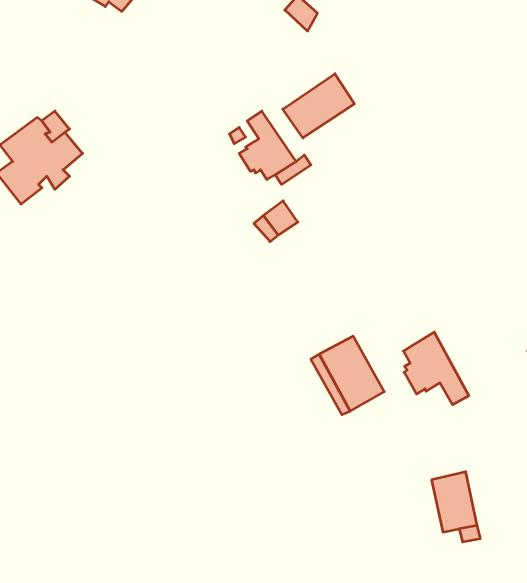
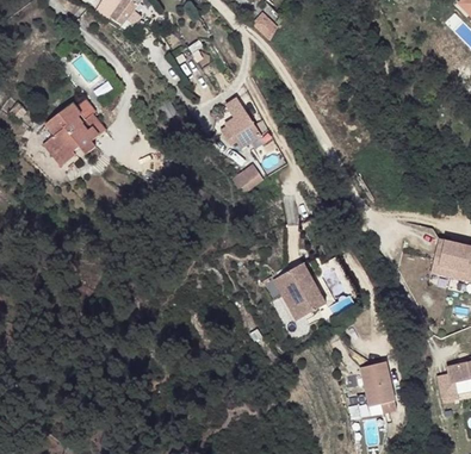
building: [283,74,354,138] -> none
building: [403,332,469,405] -> none

